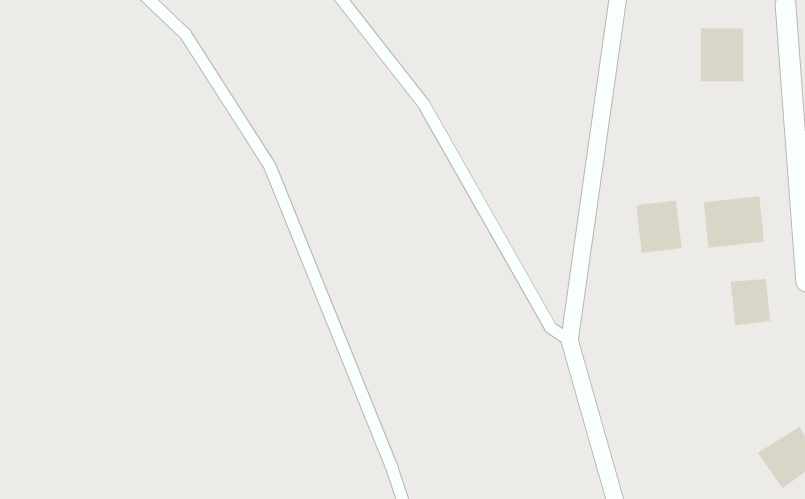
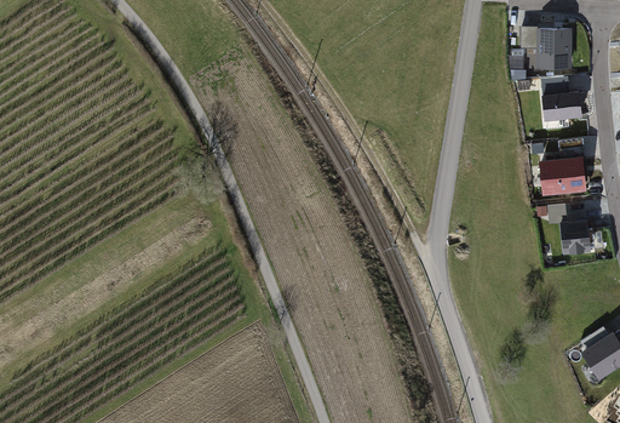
building: none -> [541,90,582,120]
building: [636,200,682,254] -> none

